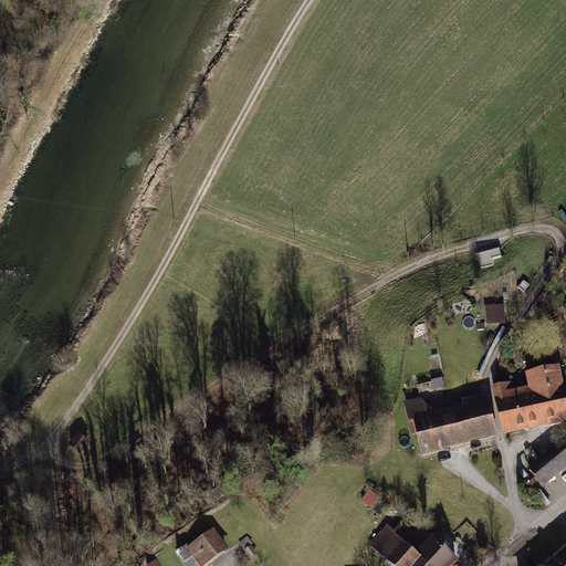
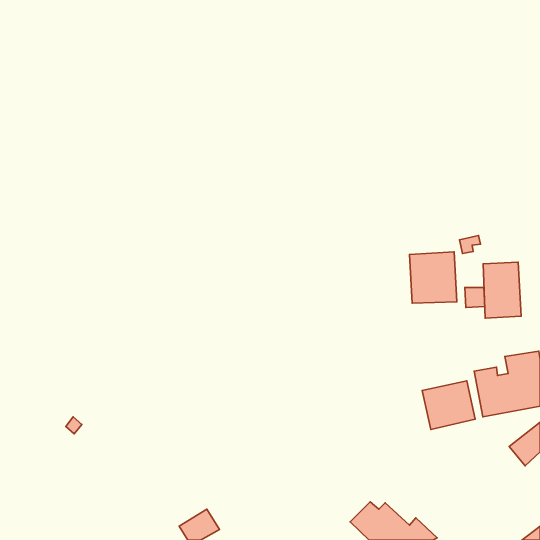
building: none -> [410,252,457,303]
building: none -> [483,262,521,318]
building: [405,398,449,453] -> none

